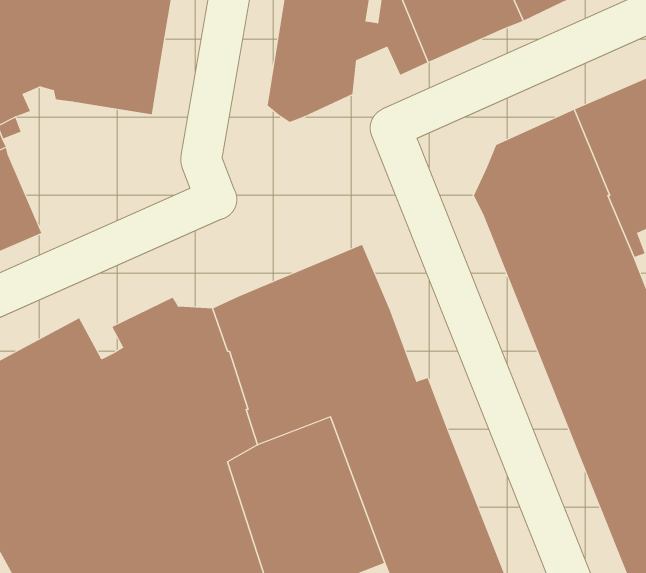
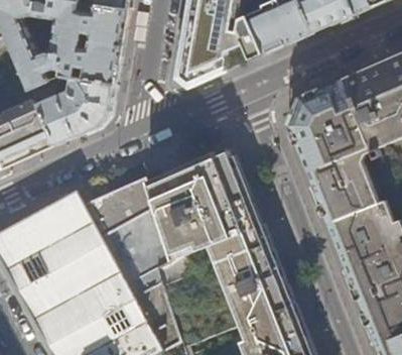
building: none -> [37,75,115,145]

